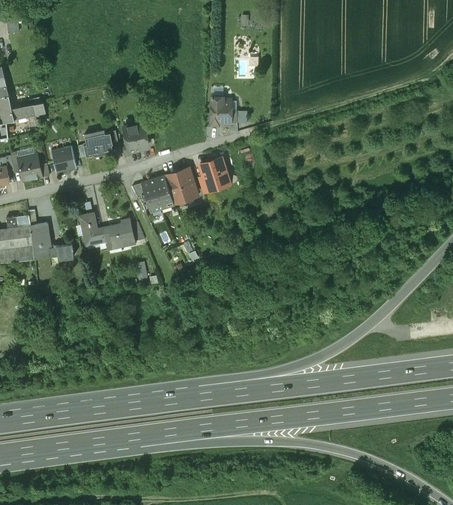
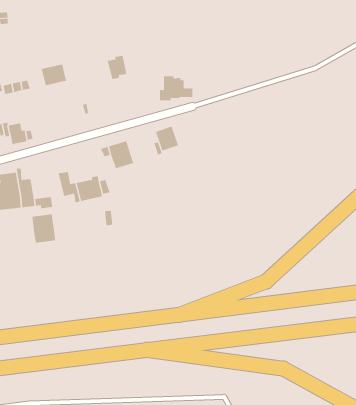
building: [123,121,148,151] -> [107,55,127,79]
building: [79,132,111,159] -> [41,64,67,86]
building: [50,145,76,172] -> none
building: [164,168,196,201] -> none
building: none -> [32,213,56,244]

